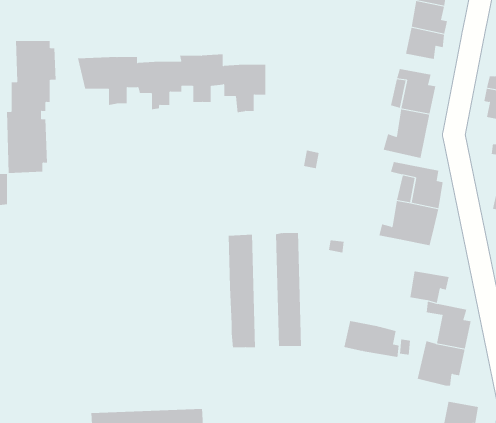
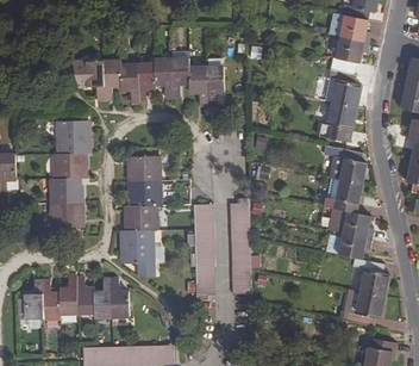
building: [6,40,57,173] -> [50,120,90,228]
building: none -> [120,155,161,273]
building: [343,320,400,357] -> [327,207,373,237]
building: none -> [24,274,129,318]

